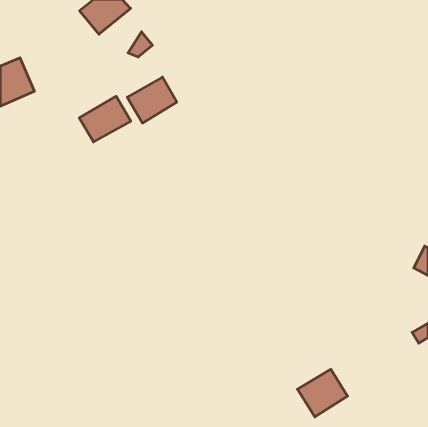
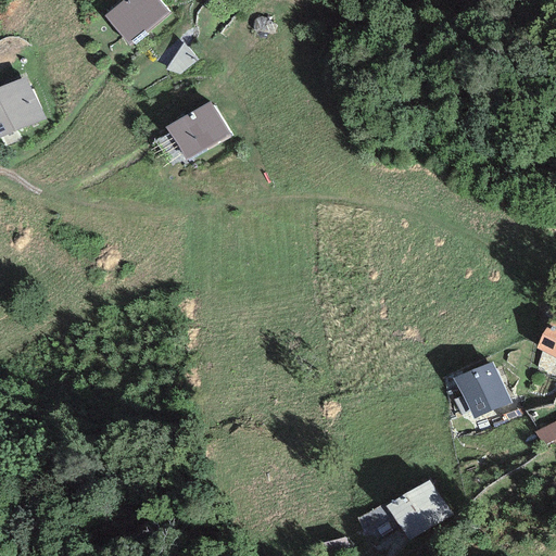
building: [79,96,131,142] -> none
building: none -> [453,362,511,418]

